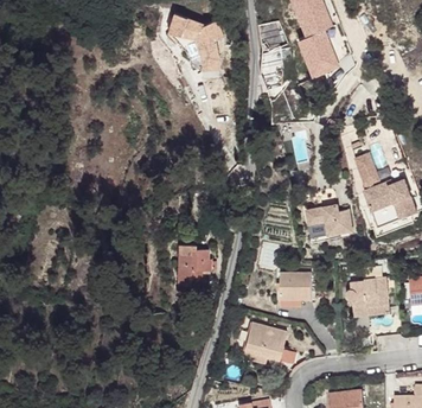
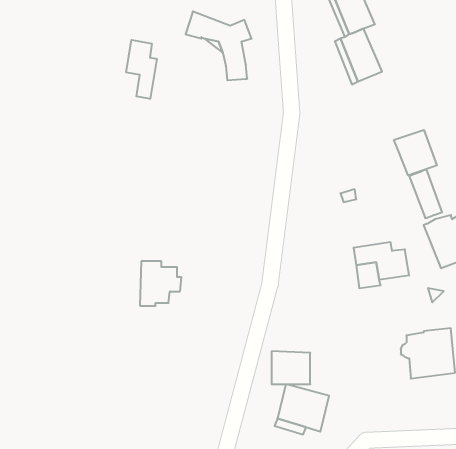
building: none -> [126,40,157,99]
building: none -> [394,130,437,175]
building: [178,246,212,282] -> [140,261,181,306]
building: [280,273,312,300] -> [272,351,310,384]

